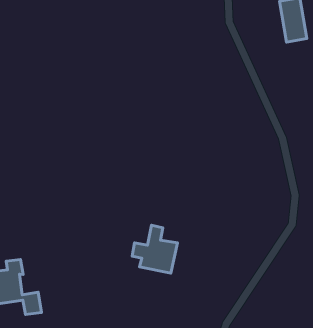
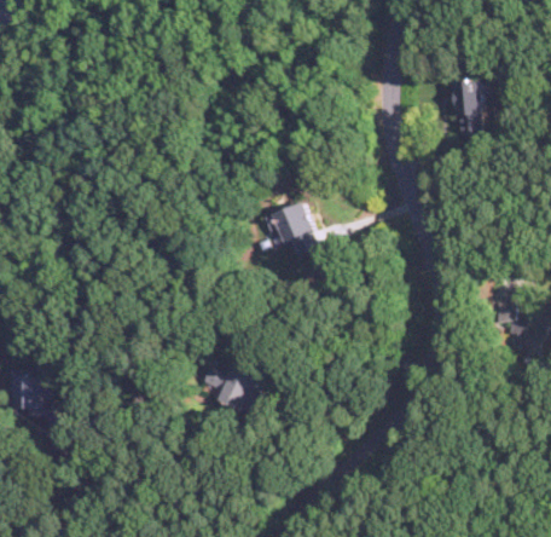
building: none -> [262,202,317,255]

